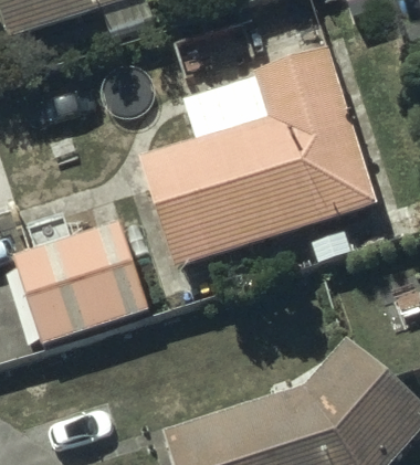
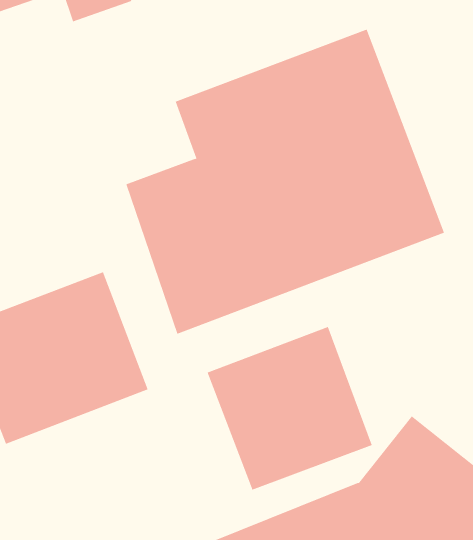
building: none -> [207,326,372,491]

